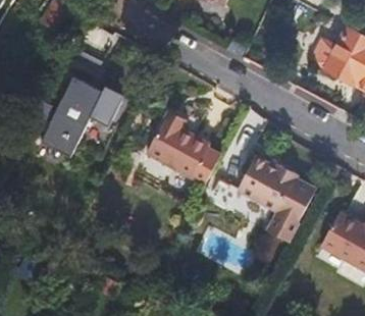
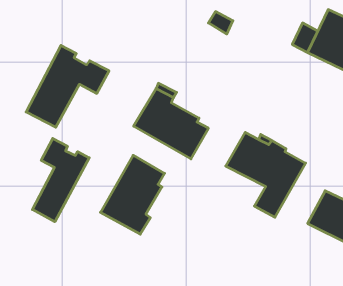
building: none -> [32,138,89,222]
building: none -> [100,155,165,234]

